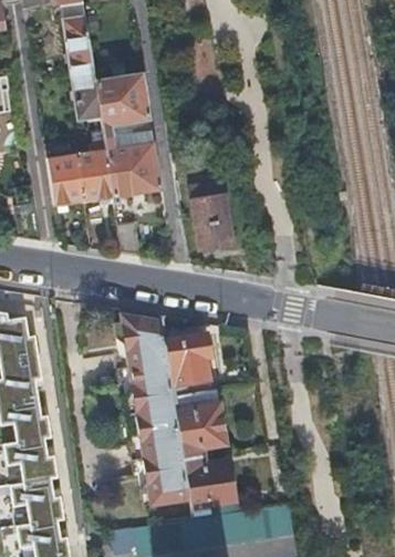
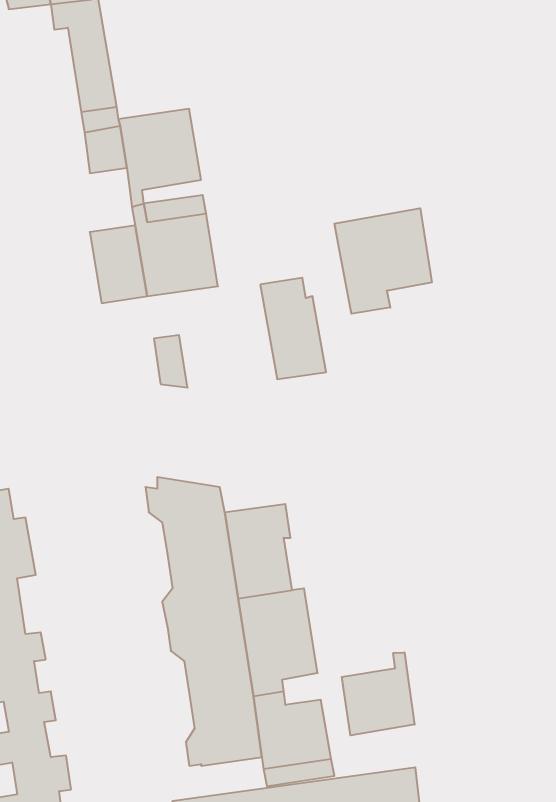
building: none -> [334,208,432,314]
building: [46,142,85,207] -> none
building: none -> [342,652,415,735]

